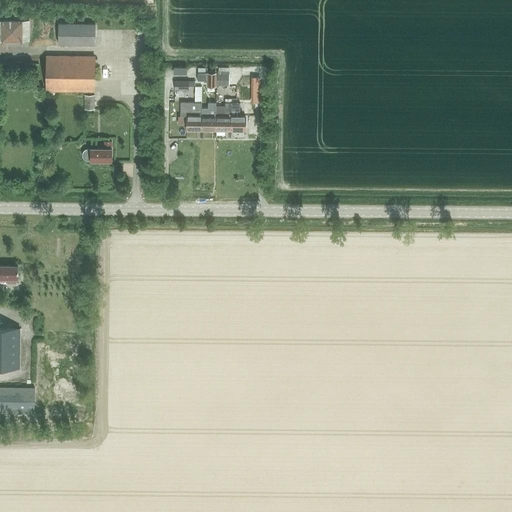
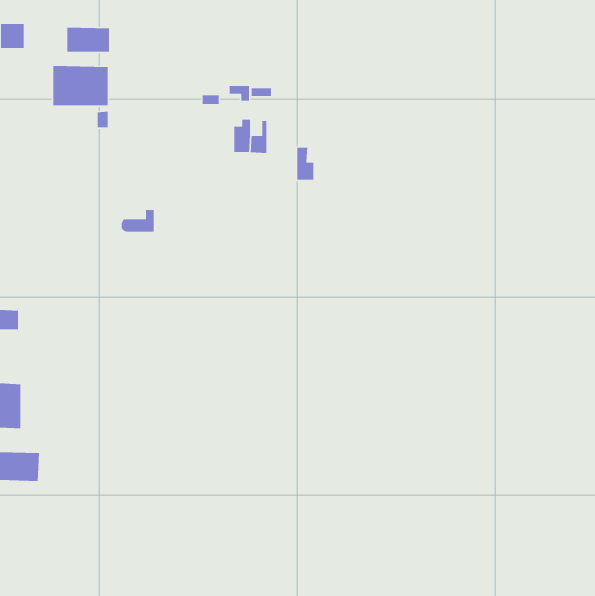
building: [185,99,200,131] -> none
building: [229,103,244,132] -> [297,147,314,181]
building: [82,141,111,161] -> [121,209,155,233]

